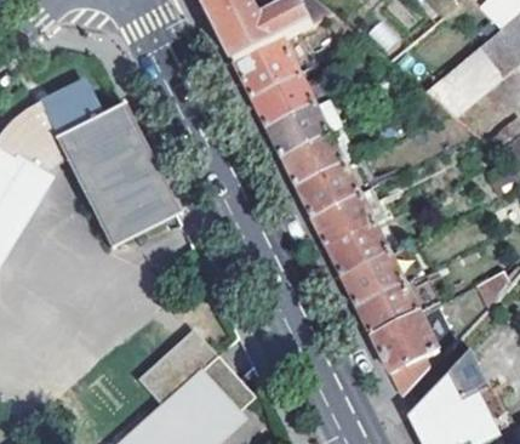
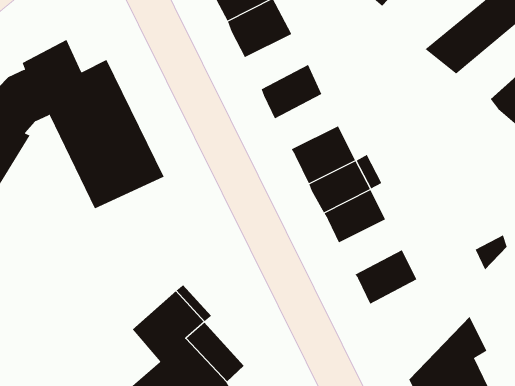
building: [255,79,316,132] -> none
building: [284,137,345,190] -> none
building: [345,258,407,312] -> none
building: [376,317,440,394] -> none

